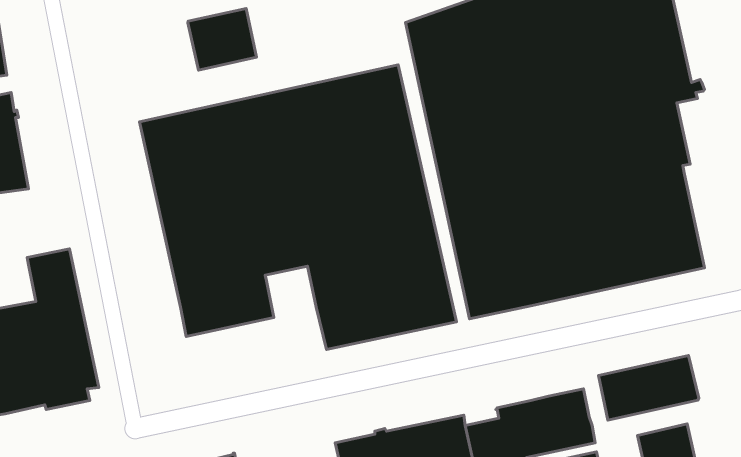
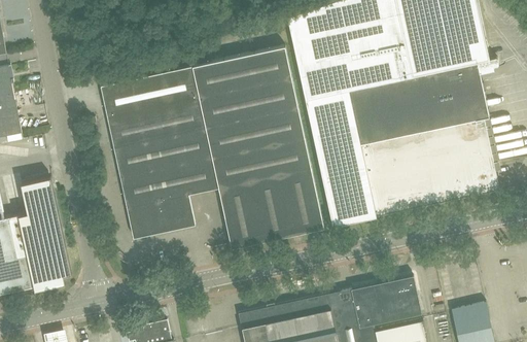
building: [188,8,256,70] -> none
building: [599,355,699,420] -> none

